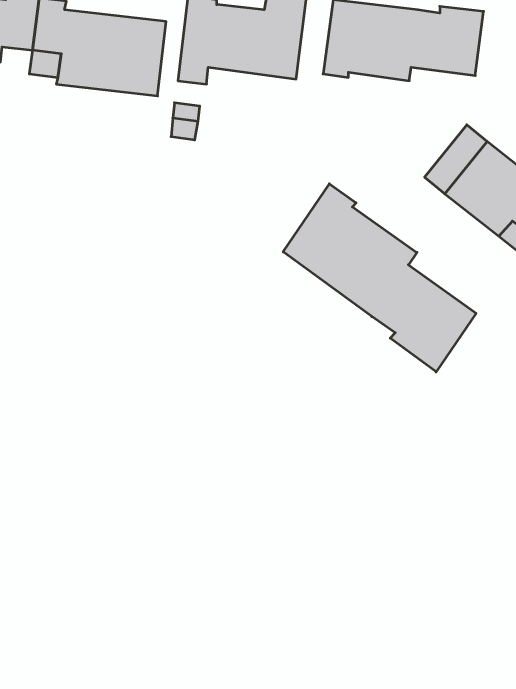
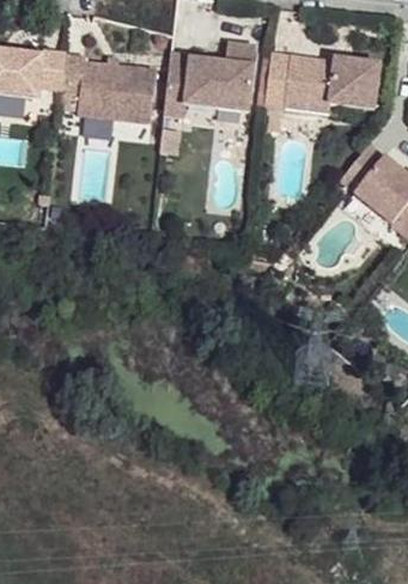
building: [283,184,476,372] -> none

